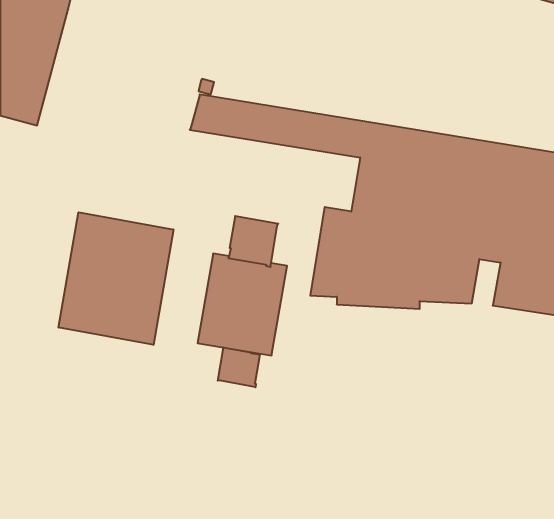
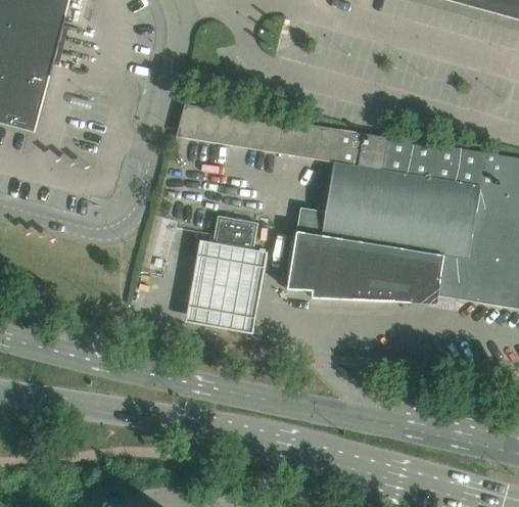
building: [59,212,173,345] -> none
building: [218,347,260,387] -> none

